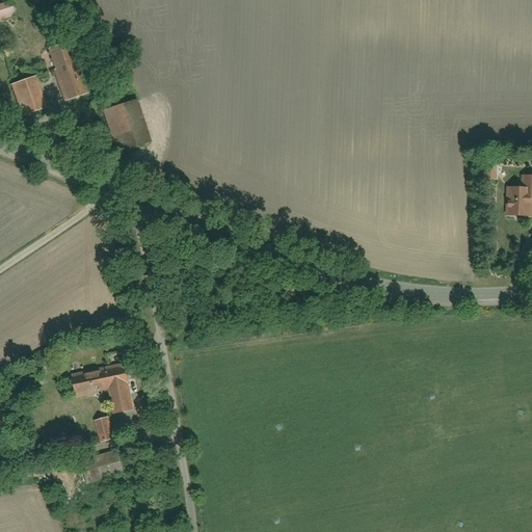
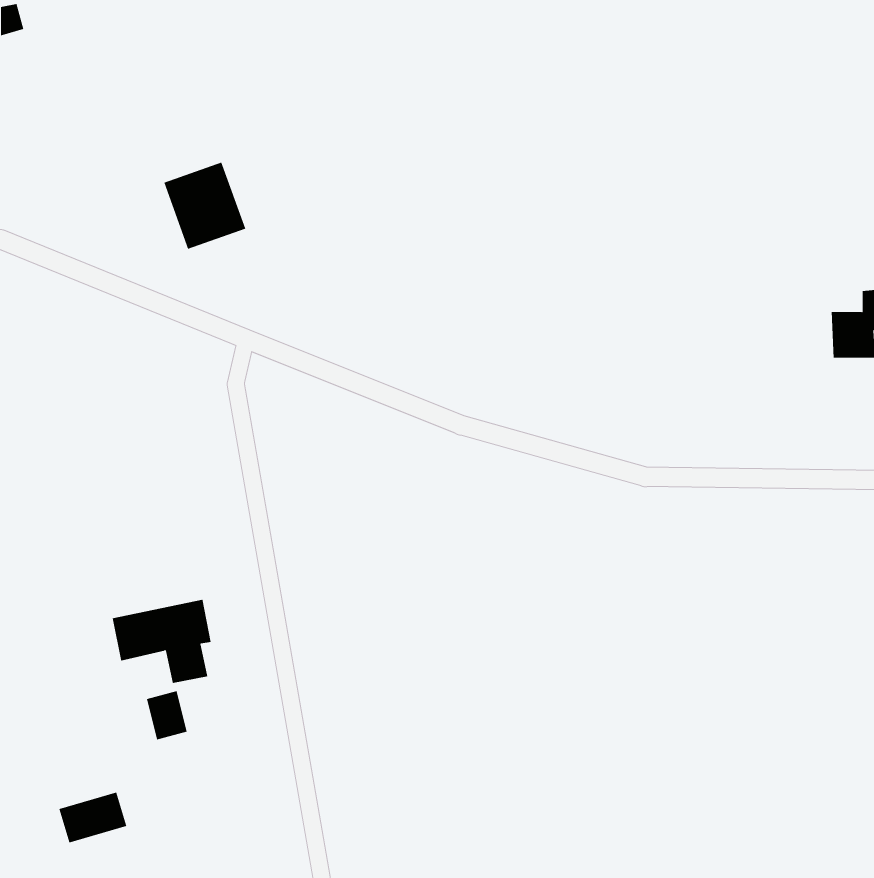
building: [49,41,88,100] -> none
building: [11,74,42,114] -> none
building: [84,452,126,483] -> [58,792,127,843]

